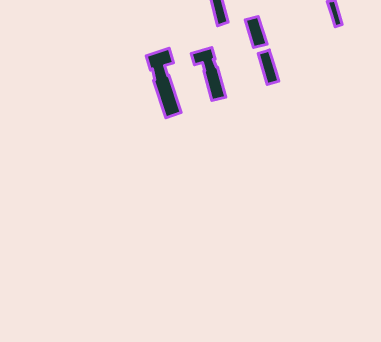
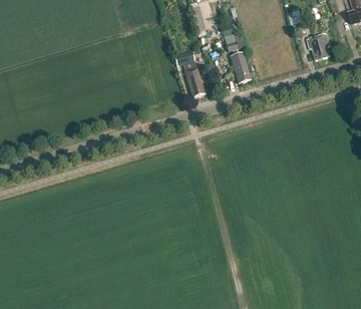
building: none -> [307,34,330,60]
building: [146,48,181,118] -> none

